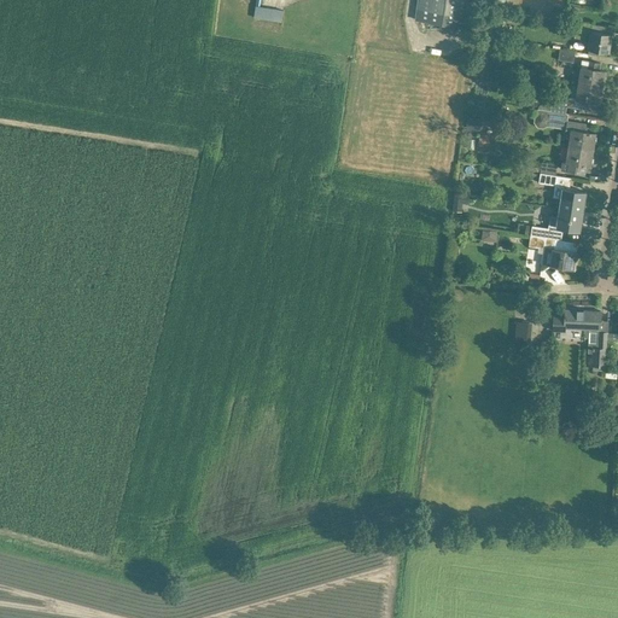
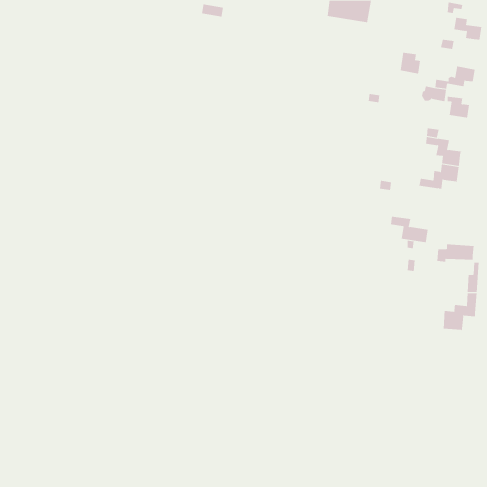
building: [578,60,605,88] -> [400,52,421,74]
building: [561,146,593,175] -> none
building: [529,235,577,269] -> [390,216,428,243]
building: none -> [443,293,477,332]

